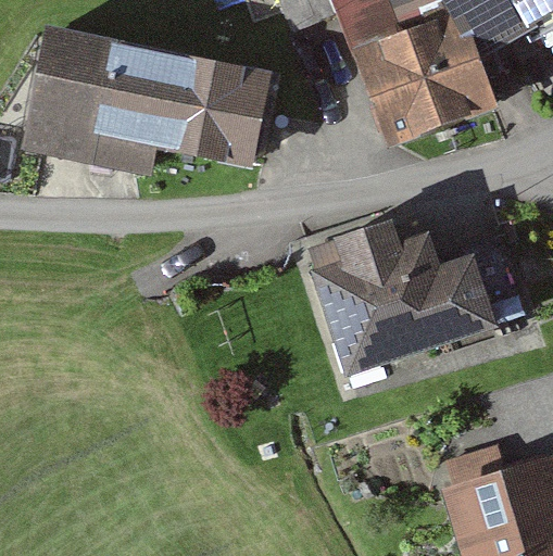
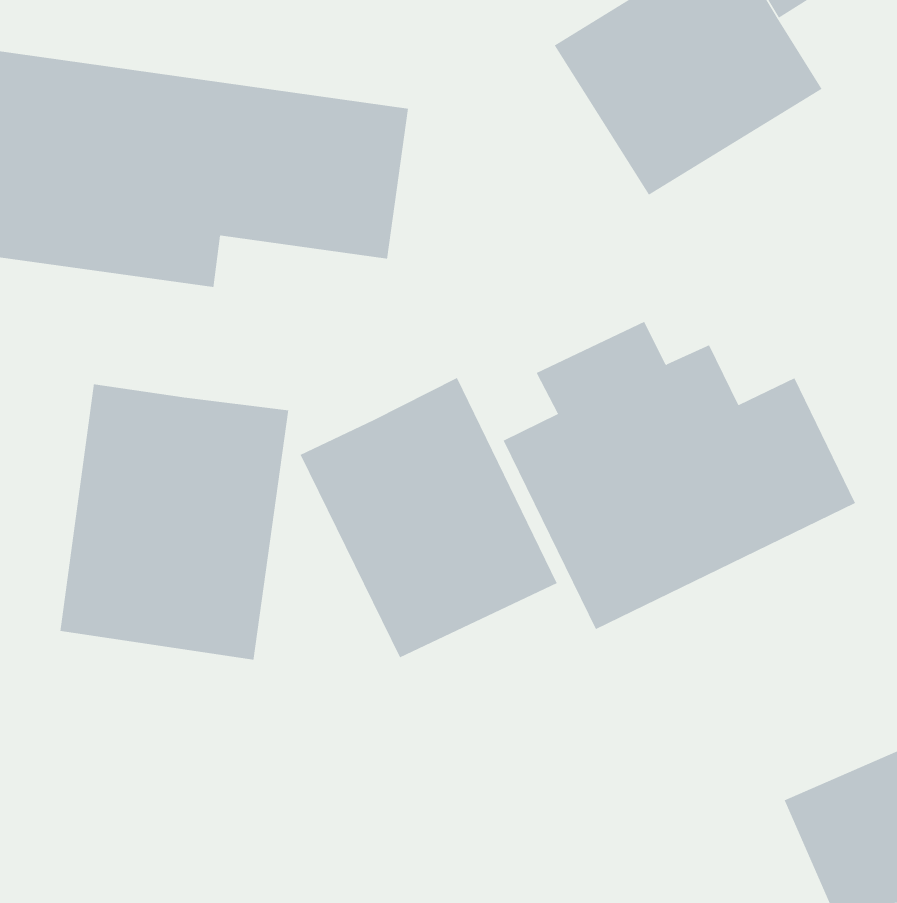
building: none -> [60,384,289,661]
building: none -> [300,377,557,658]

